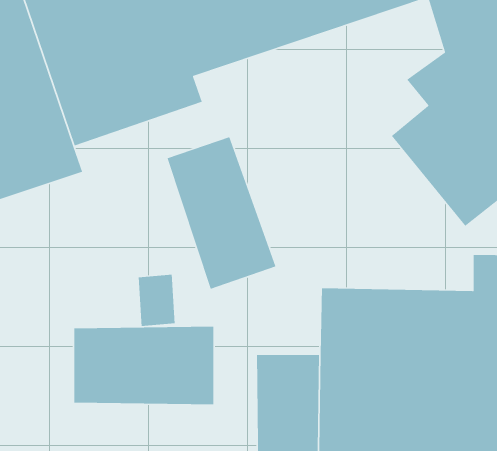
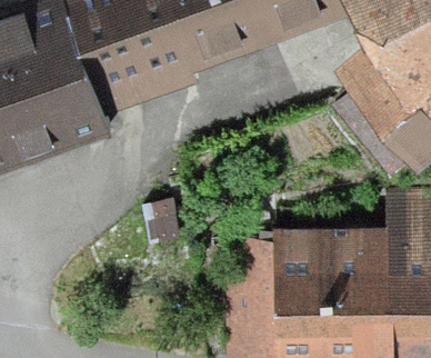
building: [167,136,277,290] -> none
building: [74,326,214,405] -> none

